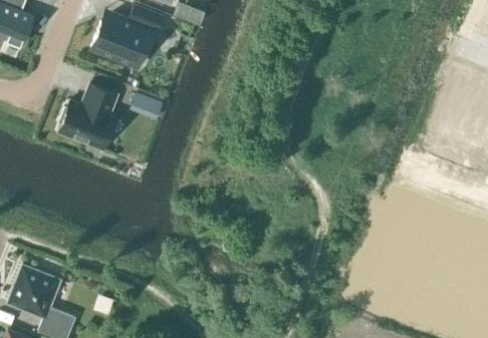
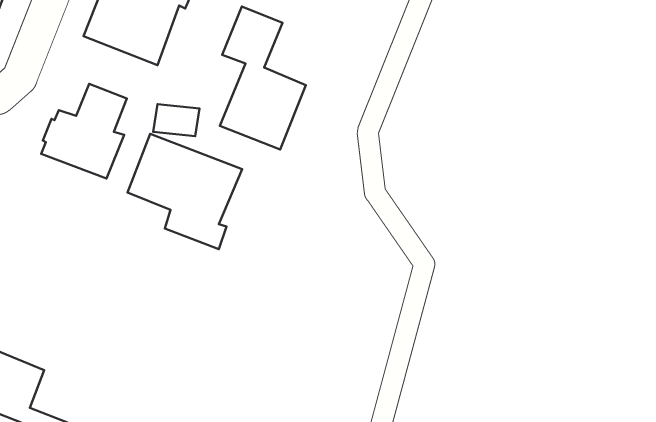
building: none -> [220,6,306,150]
building: none -> [128,134,242,249]

